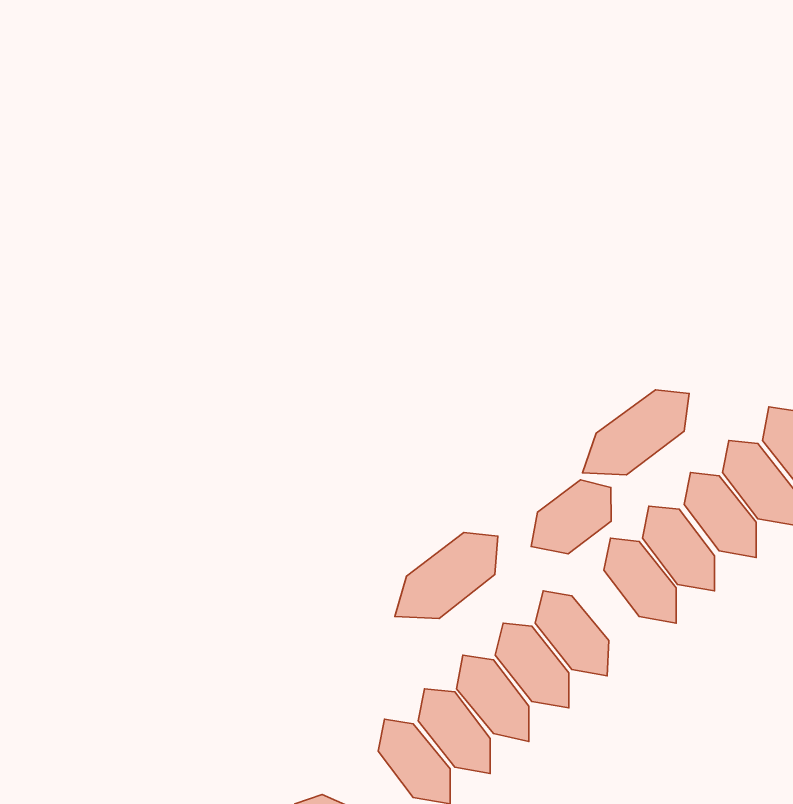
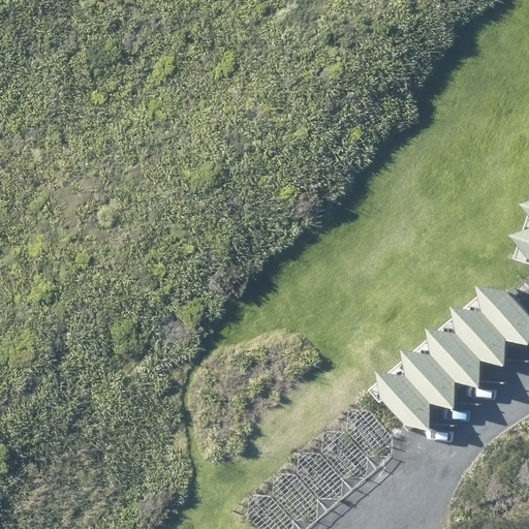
building: [583,390,689,475] -> none
building: [531,480,611,554] -> none
building: [395,532,498,619] -> none

